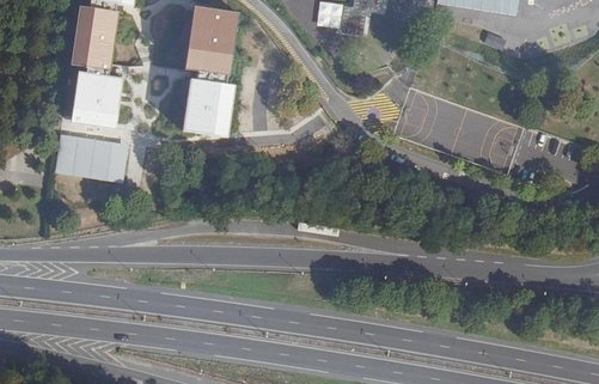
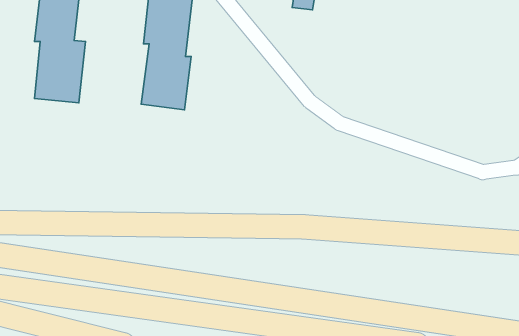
building: [54,133,128,182] -> none

